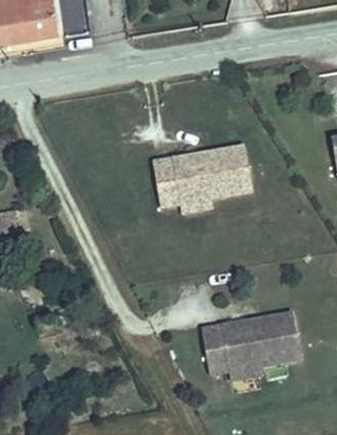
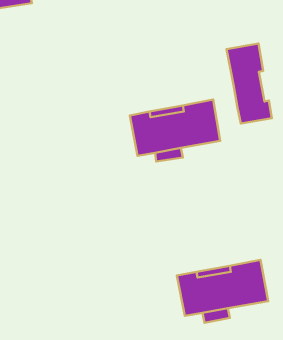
building: none -> [227,44,272,123]

